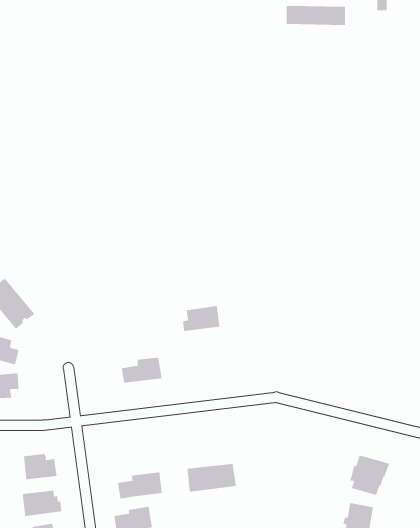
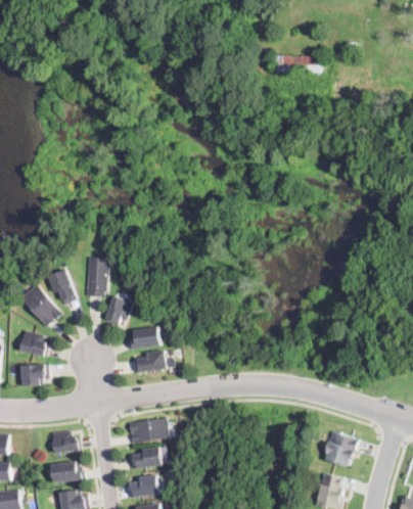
building: none -> [85,257,108,296]
building: none -> [48,269,77,304]
building: none -> [104,295,132,324]
building: [182,305,220,332] -> [129,326,160,349]
building: [187,463,237,493] -> [128,418,170,443]

